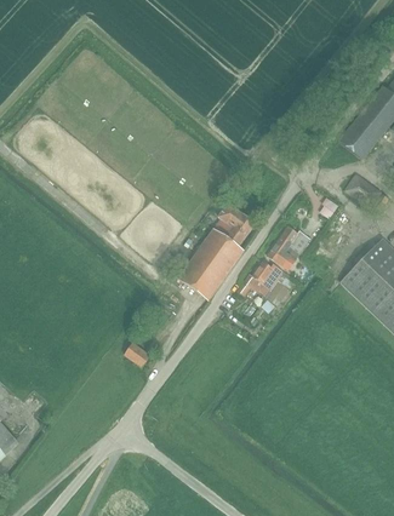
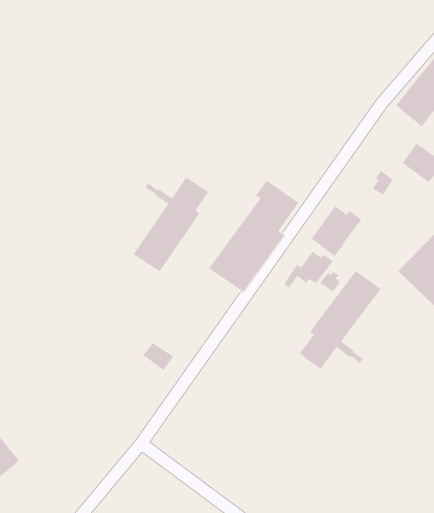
building: none -> [133,177,209,273]
building: none -> [299,270,381,370]

